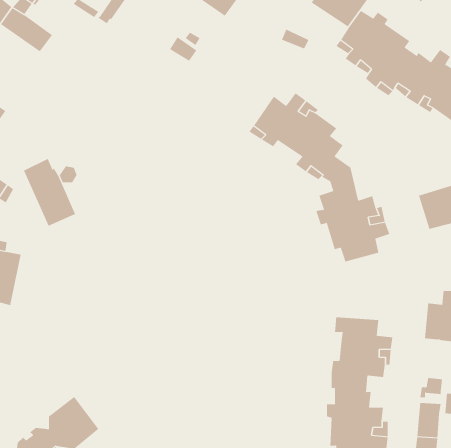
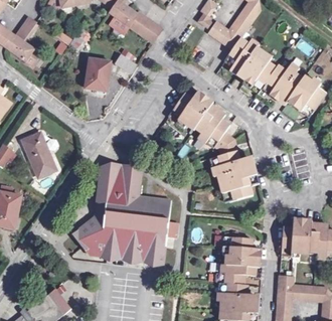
building: none -> [85,57,110,90]
building: none -> [70,163,177,264]

